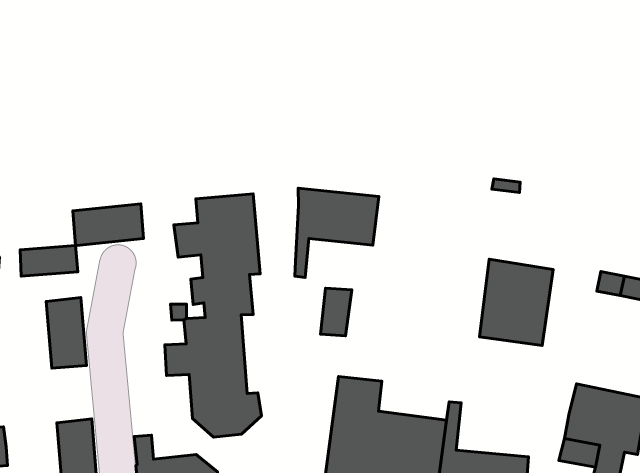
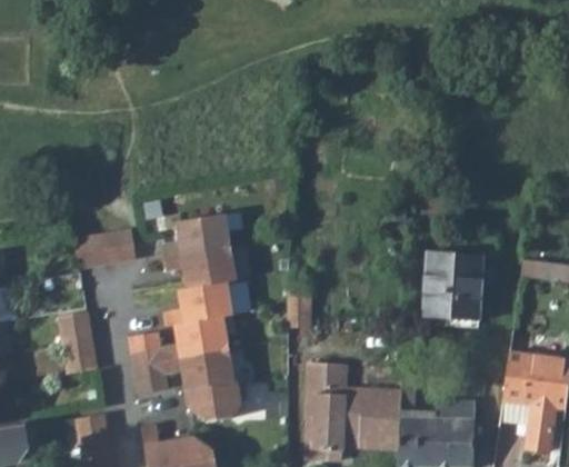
building: [295,188,379,277] -> none
building: [20,245,78,276] -> none
building: none -> [128,331,167,393]

